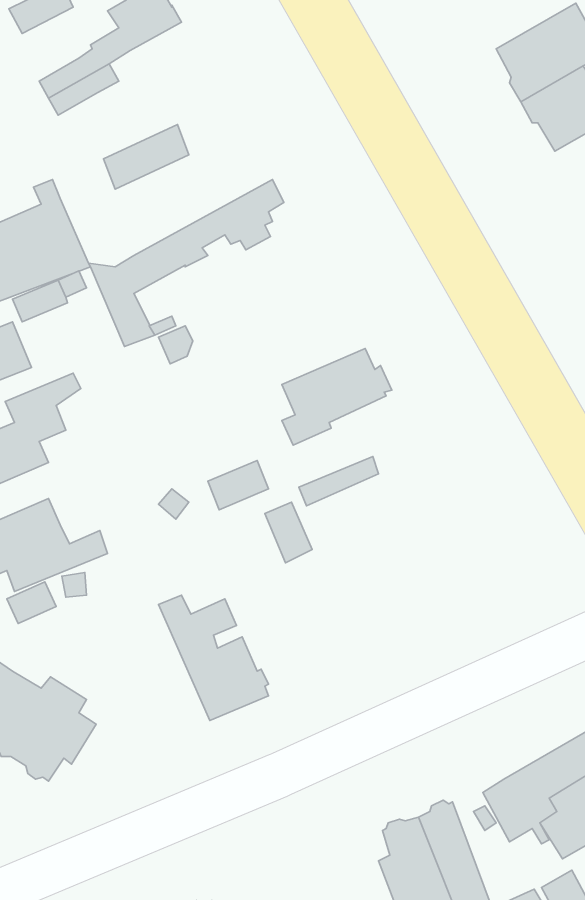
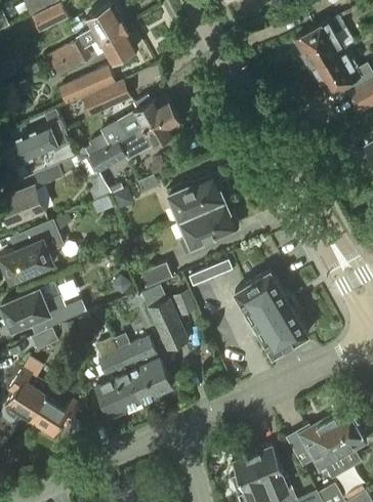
building: none -> [97,26,137,62]
building: none -> [59,67,116,106]
building: none -> [90,96,174,152]
building: none -> [168,175,224,221]
building: none -> [235,271,307,355]
building: none -> [141,285,189,350]
building: none -> [95,338,140,417]

